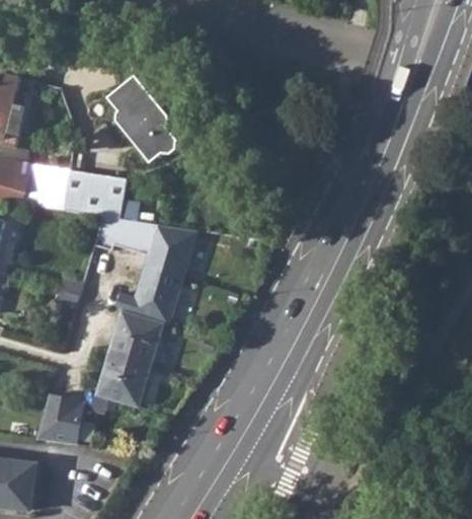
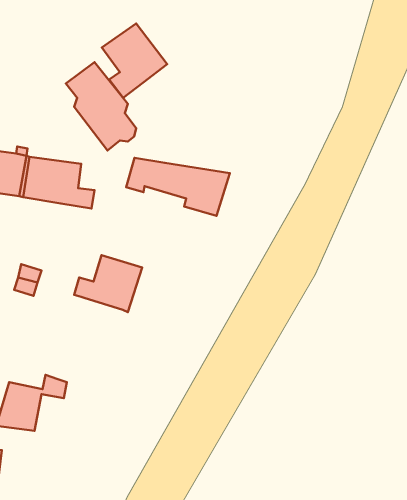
building: none -> [102,23,167,98]
building: [92,217,195,275] -> [126,158,230,216]
building: [97,310,162,406] -> none

